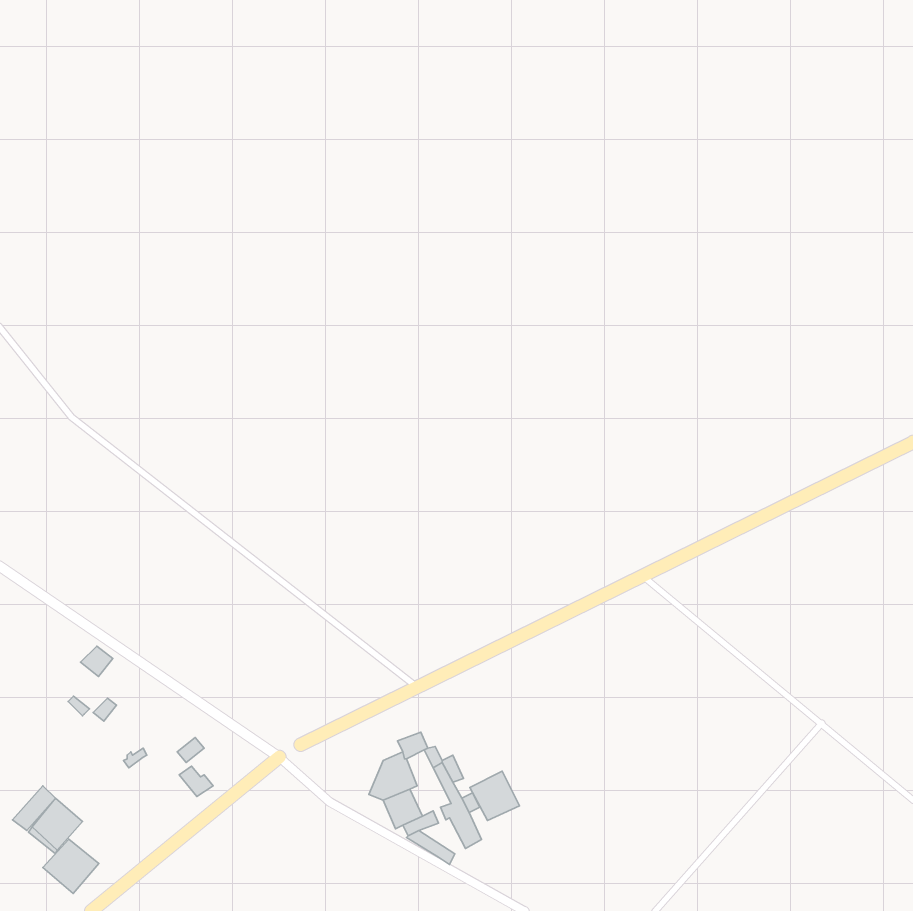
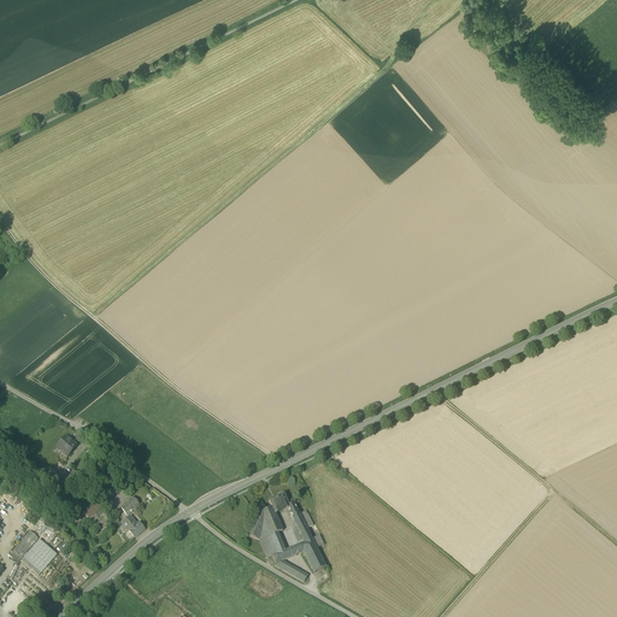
building: [470,771,520,820] -> none
building: [43,839,99,894] -> none

